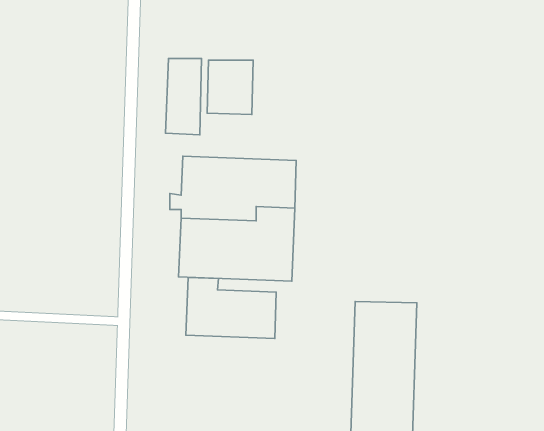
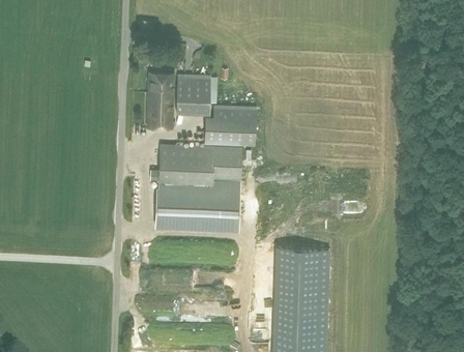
building: none -> [203,106,255,146]
building: [186,277,276,338] -> none

